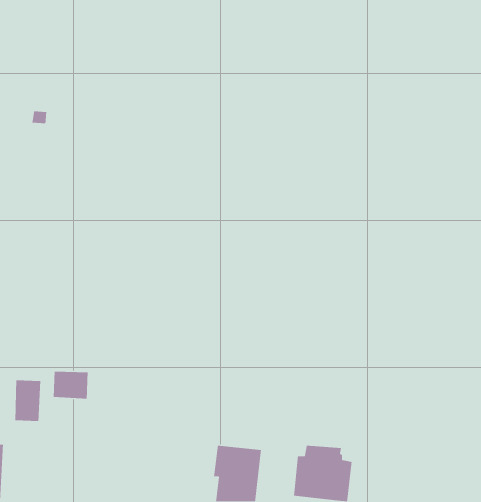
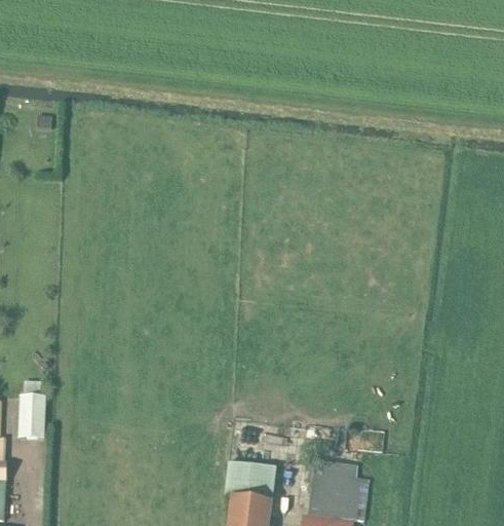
building: [53,371,88,399] -> none

